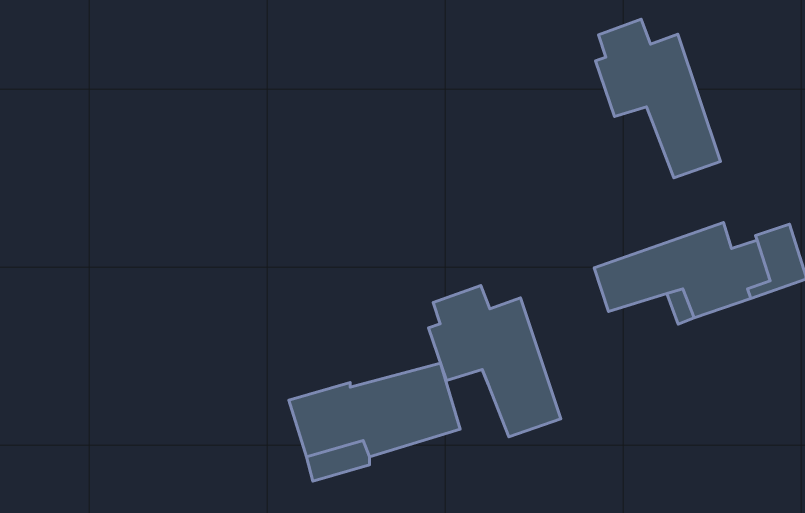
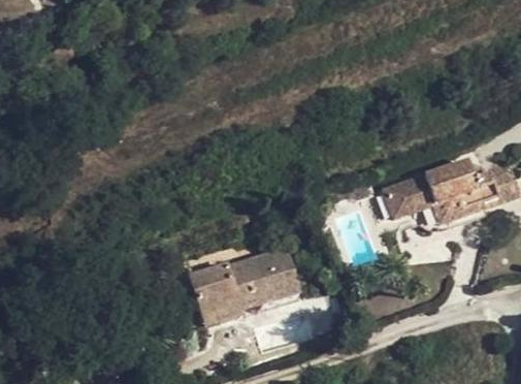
building: [595,19,721,178] -> none
building: [429,285,561,437] -> none

